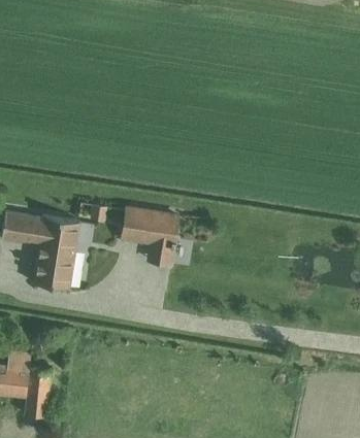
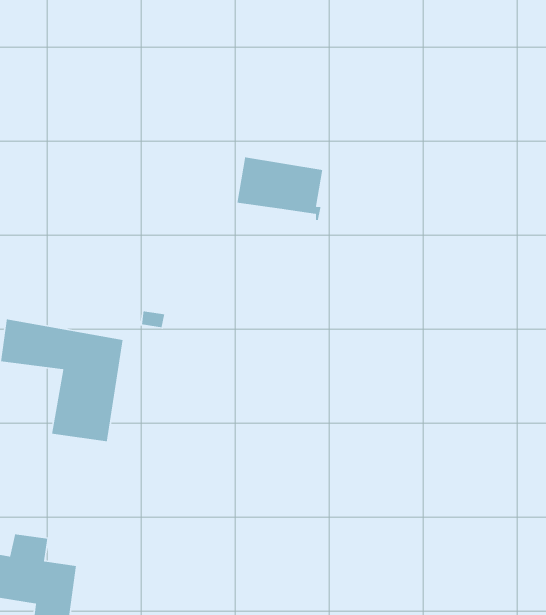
building: [122,209,177,250] -> [236,157,323,221]

